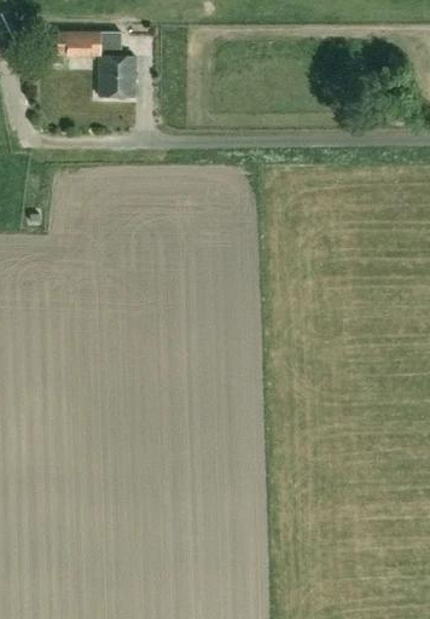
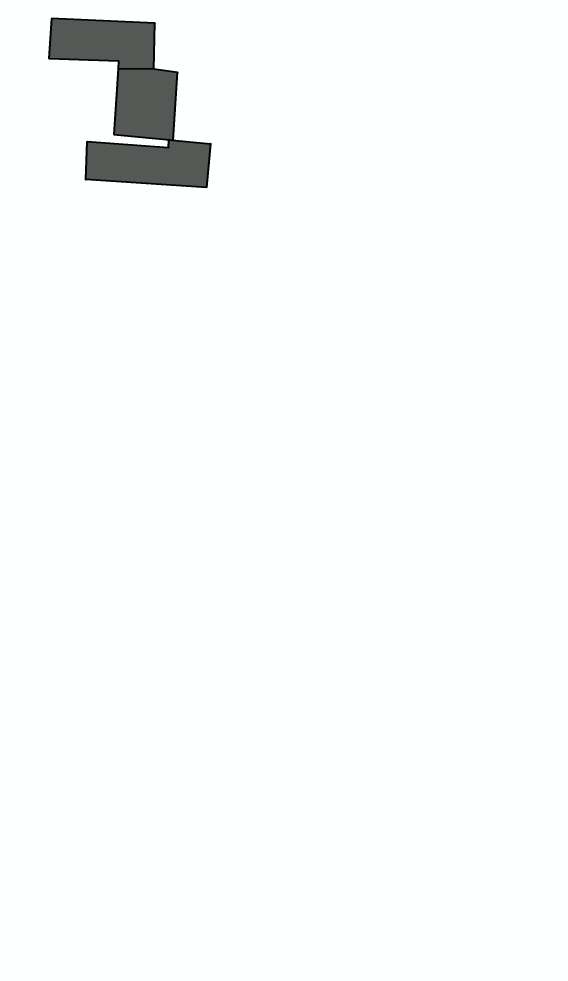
building: none -> [86,140,211,187]

